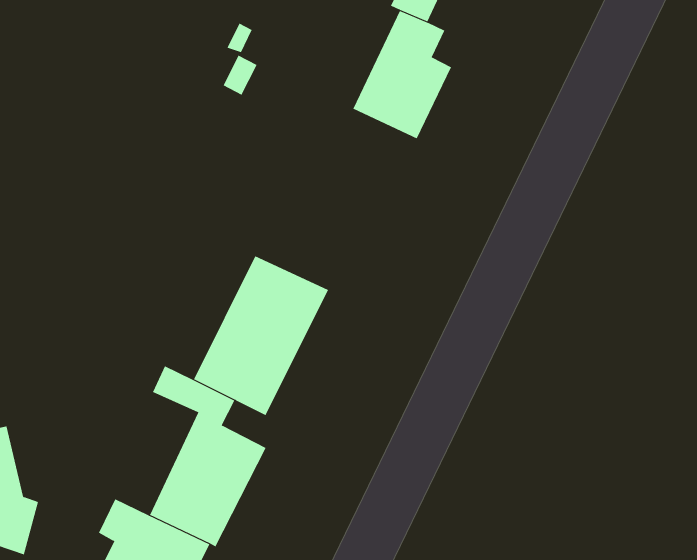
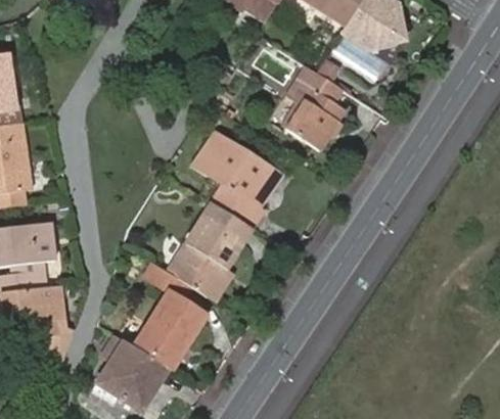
building: none -> [196,132,284,230]

